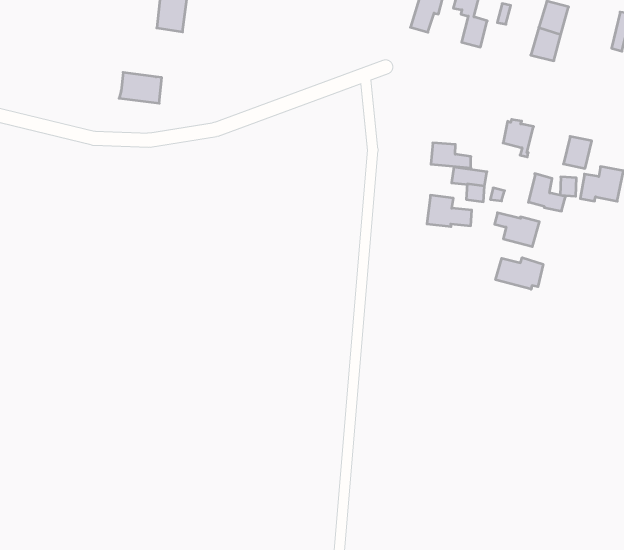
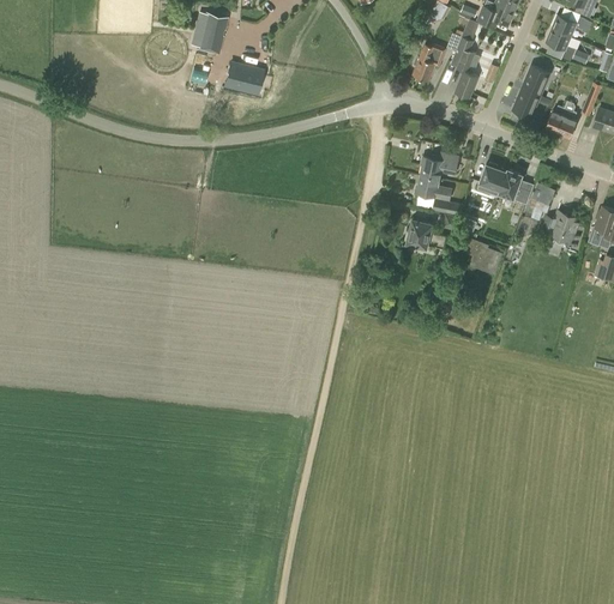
building: none -> [544,101,578,139]
building: [119,72,162,103] -> [224,64,263,93]
building: none -> [420,153,458,179]
building: [528,174,566,211] -> [499,169,531,204]
building: [496,258,543,289] -> none

